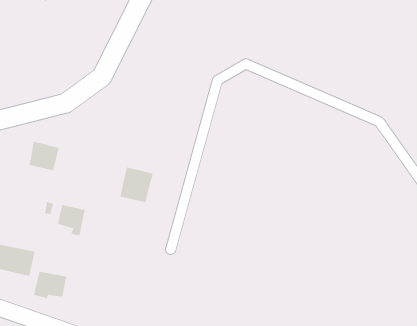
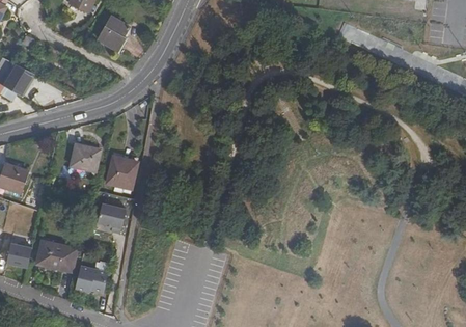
building: none -> [98,16,128,49]
building: [120,167,153,203] -> [106,155,138,189]

